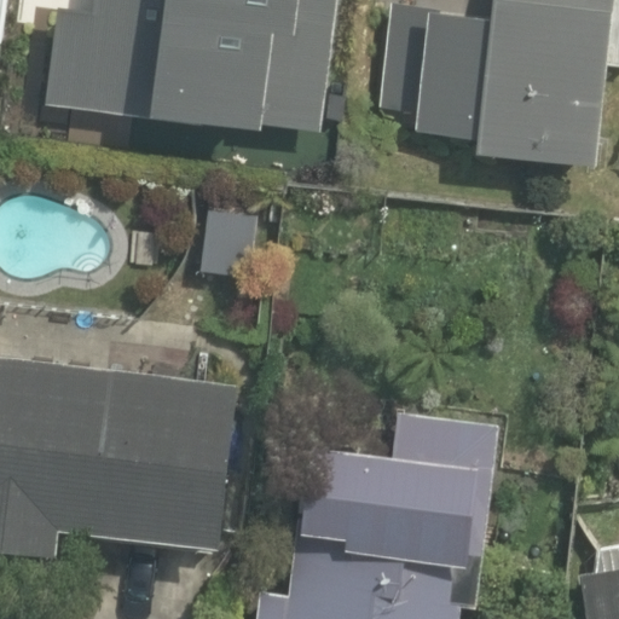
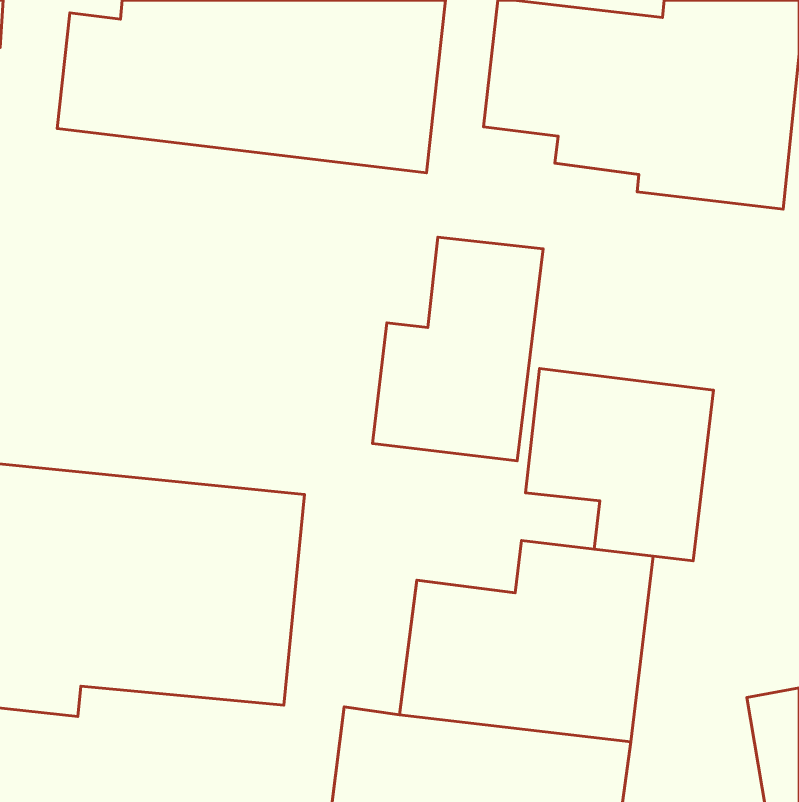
building: none -> [373,237,543,461]
building: none -> [526,369,714,561]

